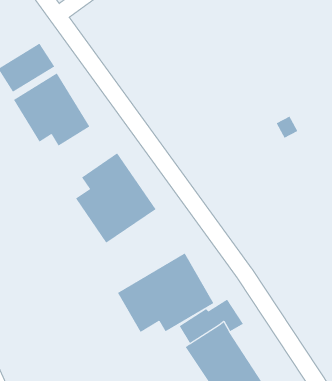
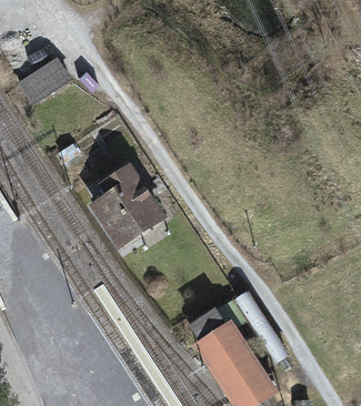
building: [13,72,90,146] -> none
building: [117,253,214,333] -> none

